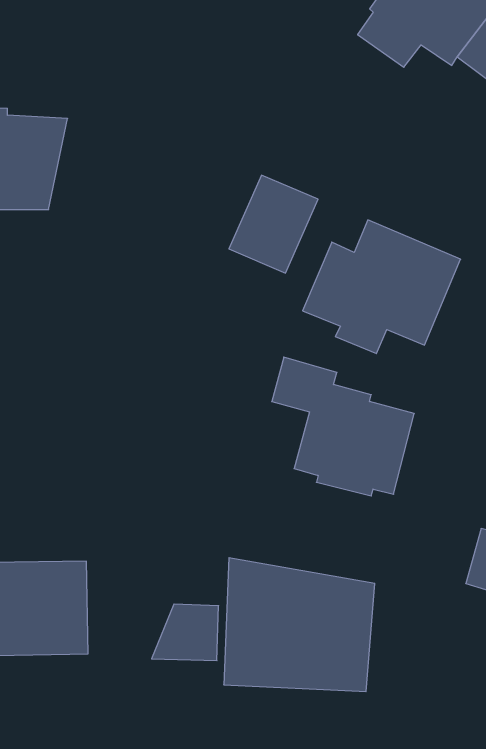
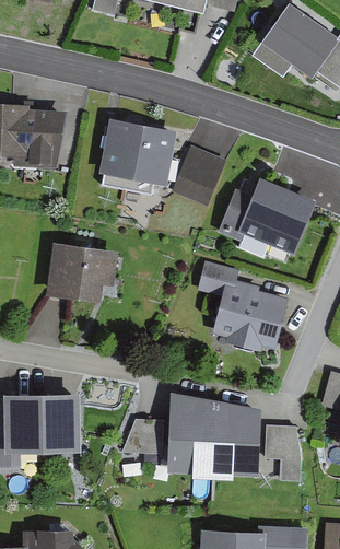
building: none -> [98,118,176,197]
building: none -> [46,243,118,302]
building: none -> [265,427,301,482]

